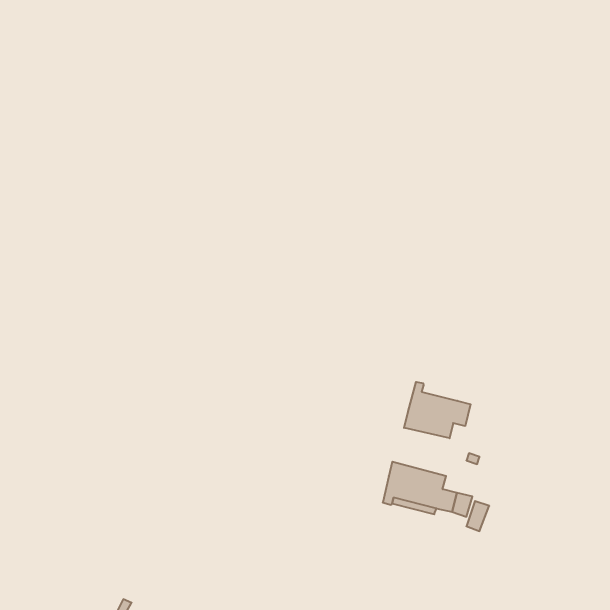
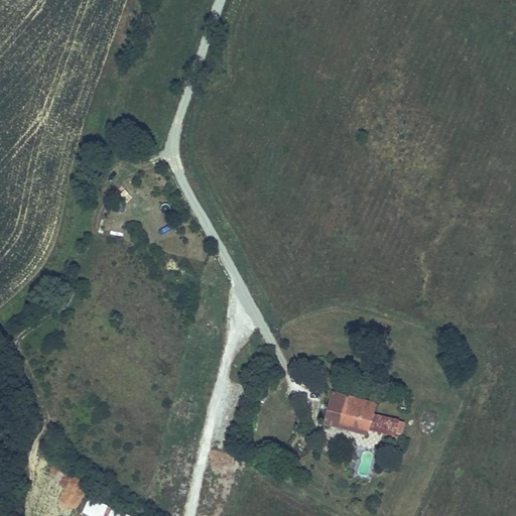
building: [404,382,471,438] -> none

